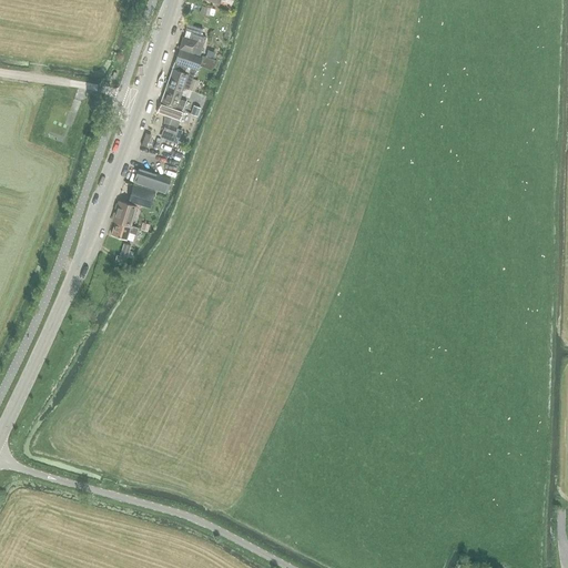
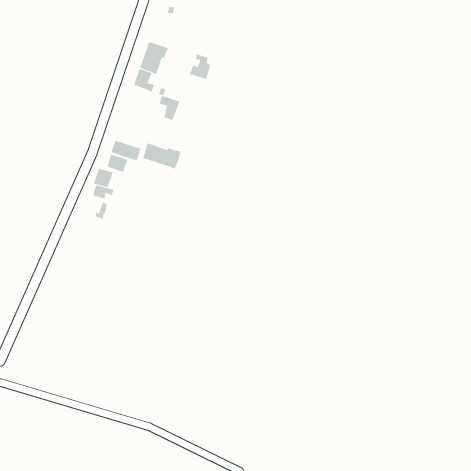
building: [179,24,205,55] -> [189,54,211,80]
building: [156,103,182,134] -> [159,95,180,121]
building: none -> [142,142,182,169]

